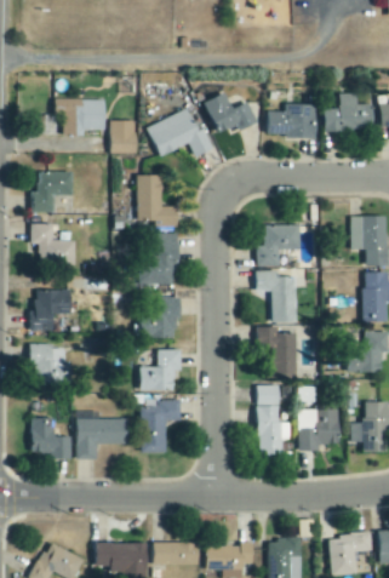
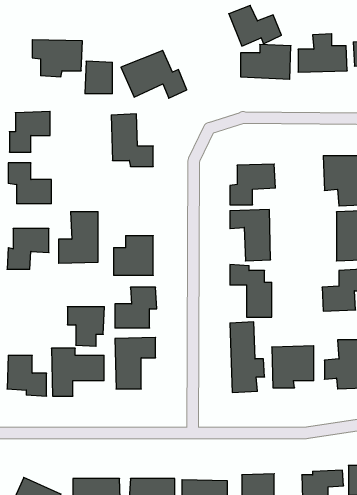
building: [205,92,258,133] -> [229,5,281,46]
building: [138,233,178,285] -> [59,212,98,263]
building: [29,345,67,385] -> [67,307,104,346]

